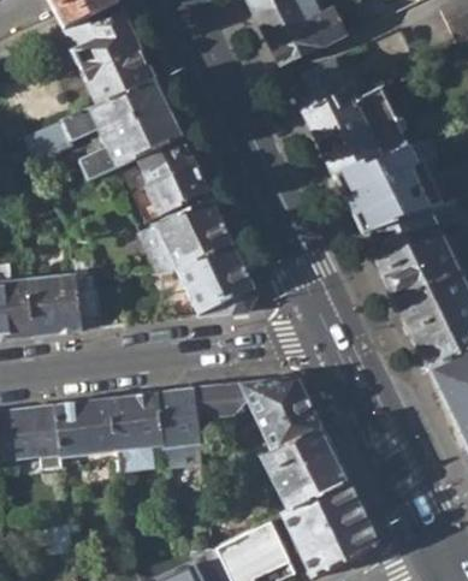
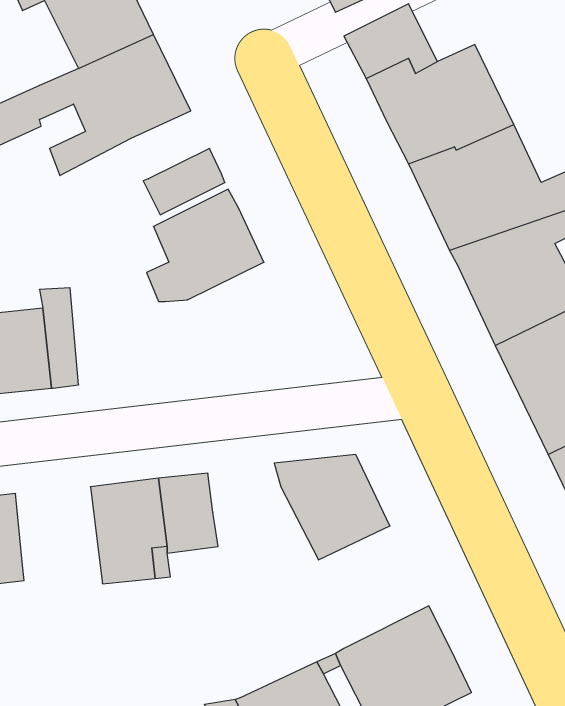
building: [137,132,192,180] -> none
building: [177,239,257,314] -> none
building: [191,381,243,416] -> none
building: [55,398,114,453] -> none
building: [260,426,348,512] -> none

